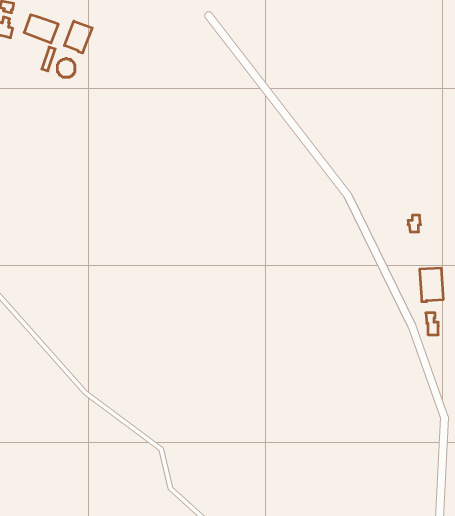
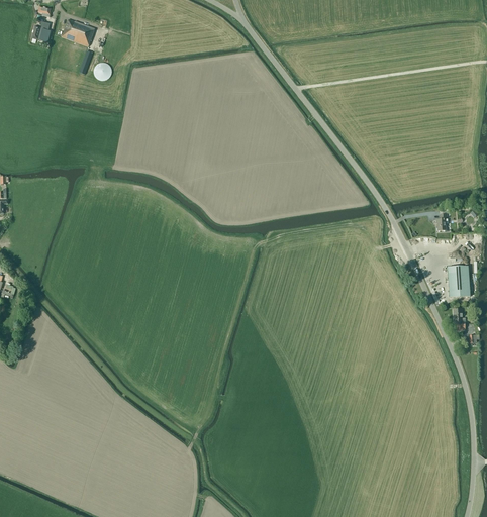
building: [64,21,92,53] -> none

